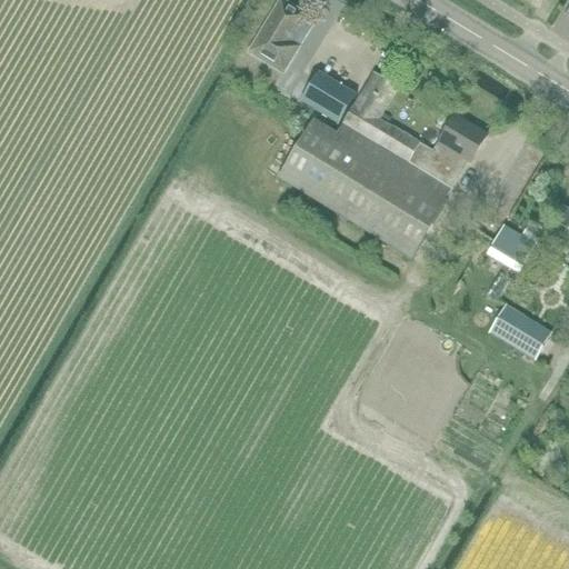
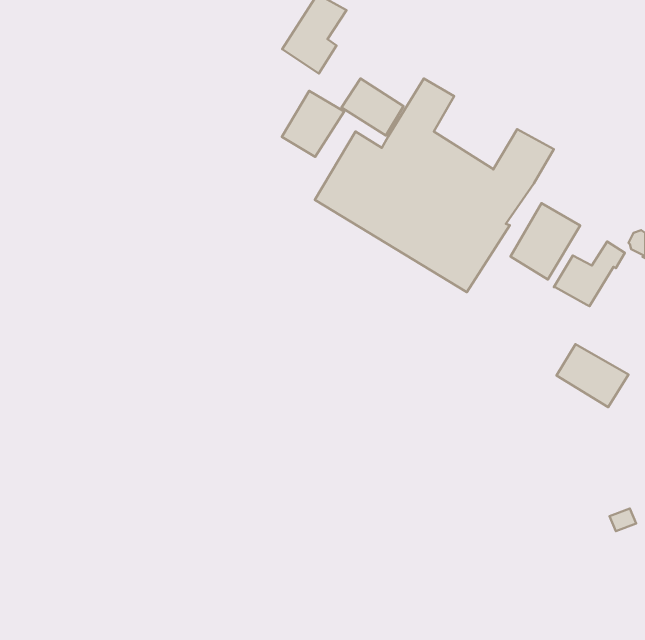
building: none -> [282,91,344,157]
building: none -> [511,203,580,280]

